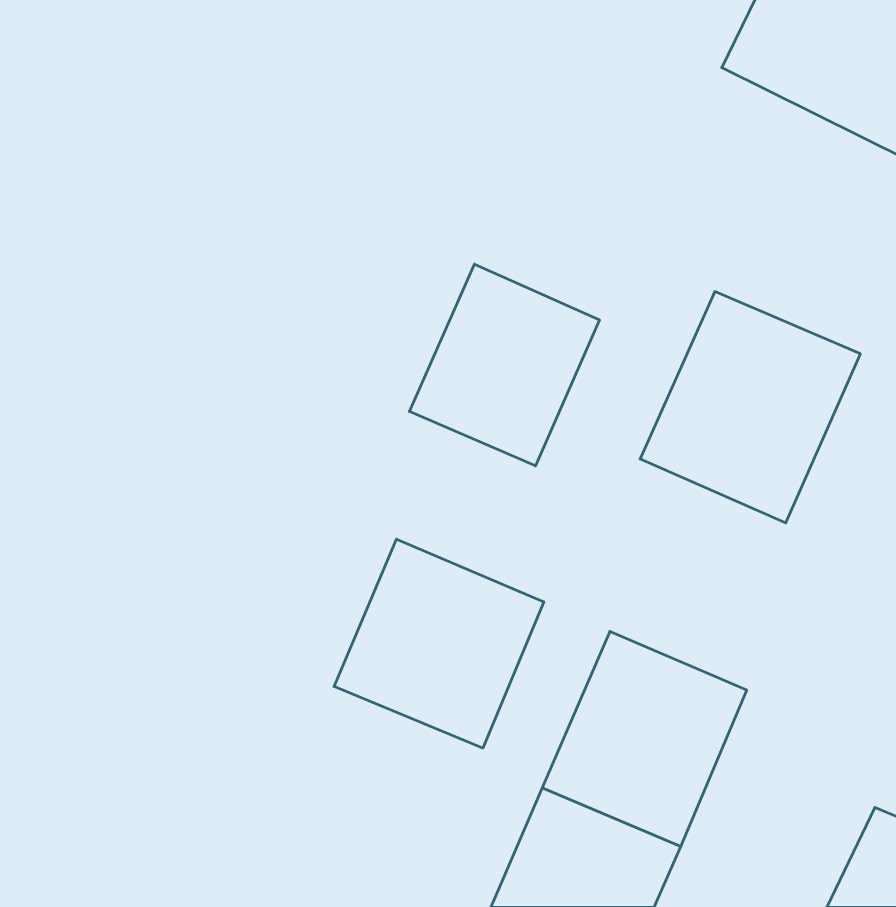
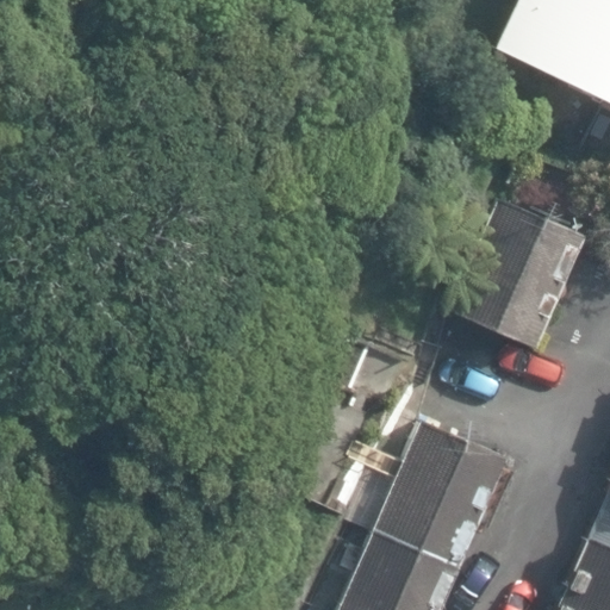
building: [409,264,599,466] -> none
building: [334,539,544,748] -> none

